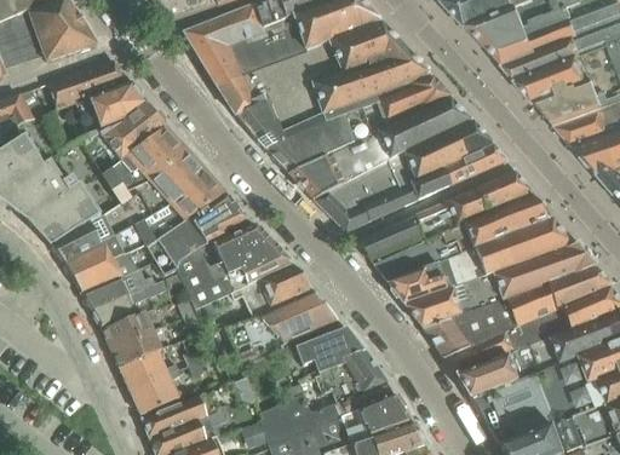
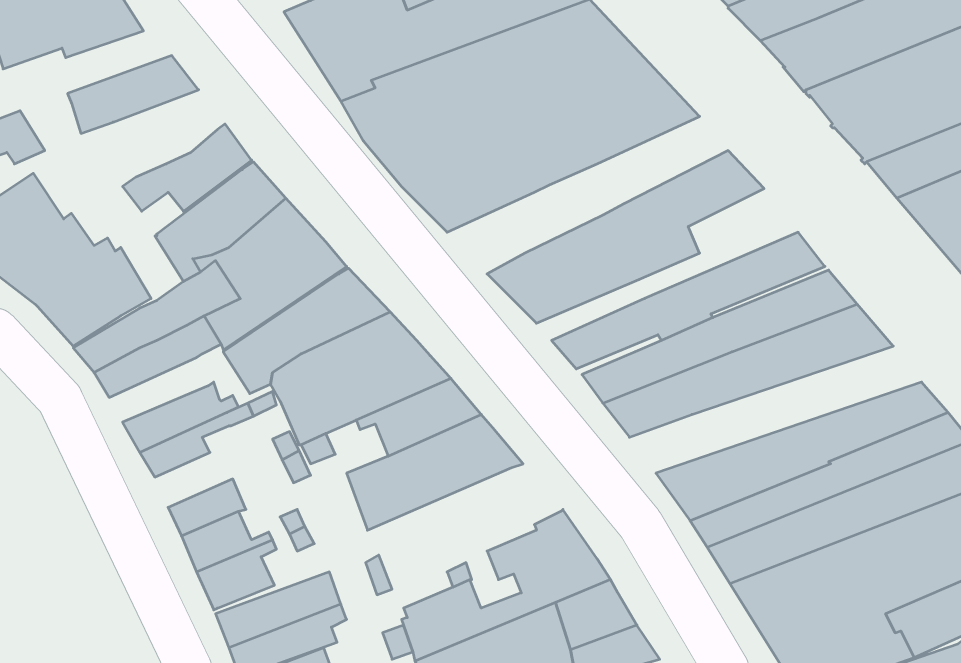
building: [76,81,148,137] -> none
building: [289,98,469,198] -> none
building: [443,144,505,185] -> none
building: [406,244,592,326] -> none
building: [74,252,137,293] -> none
building: [103,310,153,347] -> none
building: [295,327,362,376] -> none

